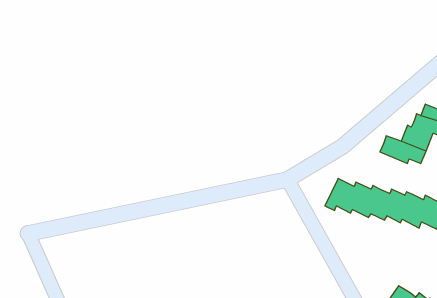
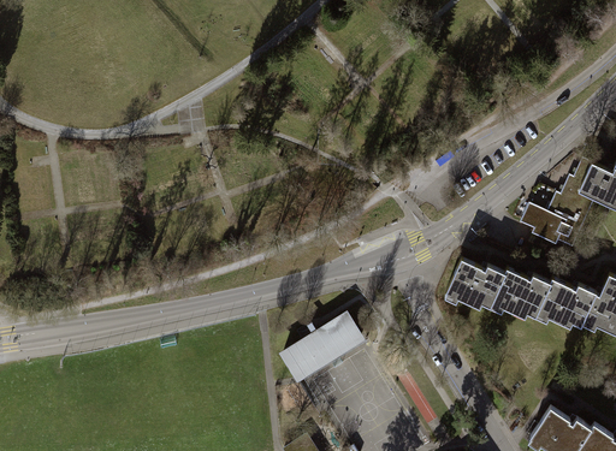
building: none -> [278,311,366,384]

